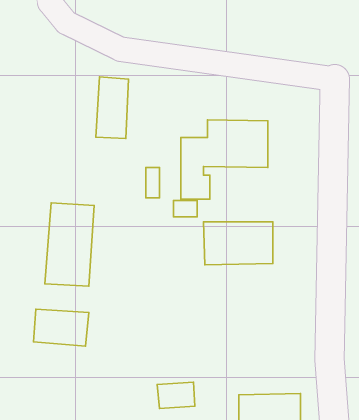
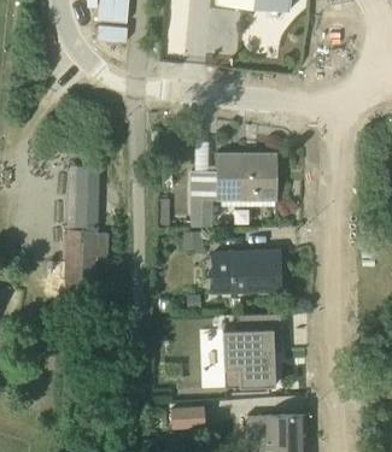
building: [96,77,128,138] -> [68,169,99,228]
building: none -> [224,313,281,387]
building: [34,309,89,346] -> none

